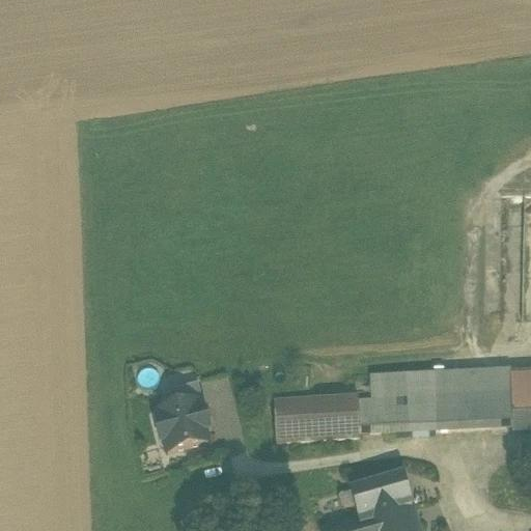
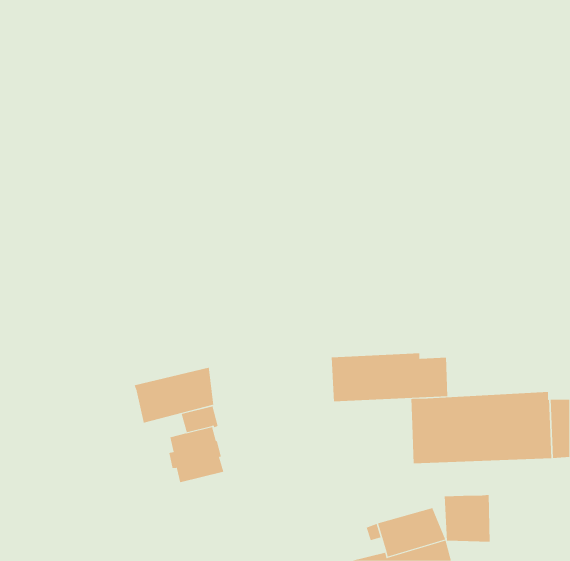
building: none -> [134,367,214,423]
building: [275,391,384,437] -> [331,353,448,402]
building: none -> [444,494,490,542]

